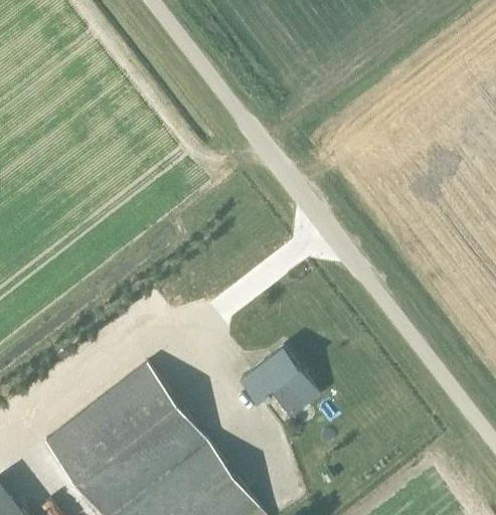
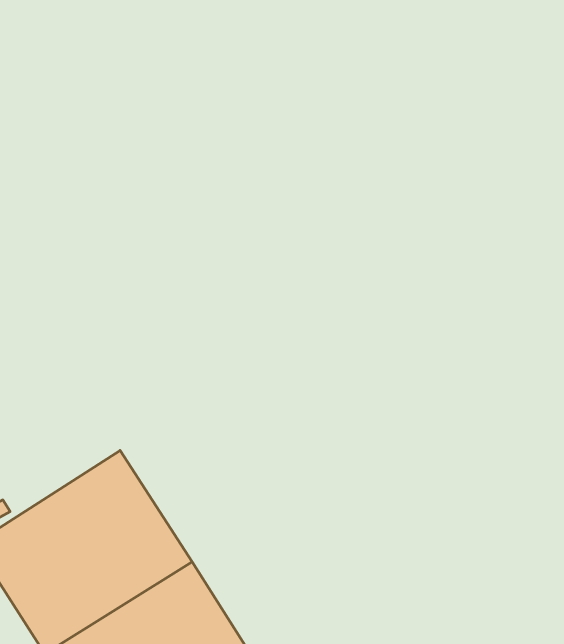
building: [239,348,318,407] -> none

